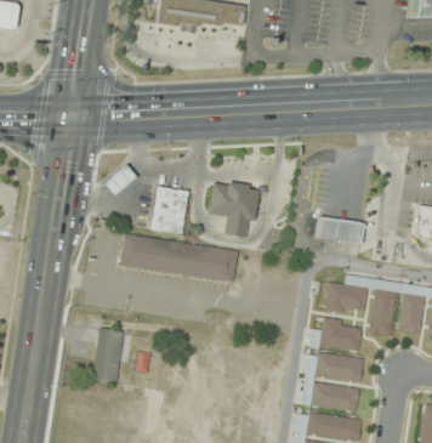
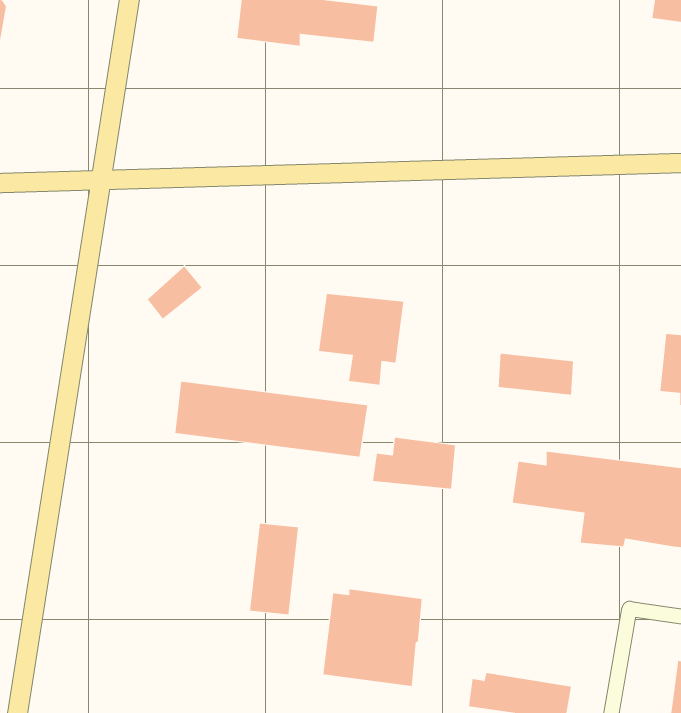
building: [150,187,189,234] -> none
building: [311,319,362,351] -> [372,437,456,489]
building: [93,328,124,384] -> [249,523,299,615]
building: [302,352,363,411] -> [323,589,422,687]

